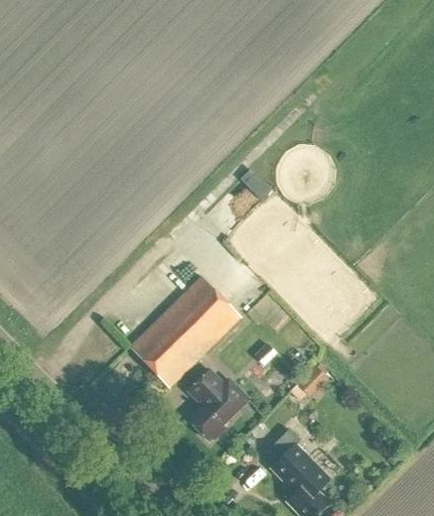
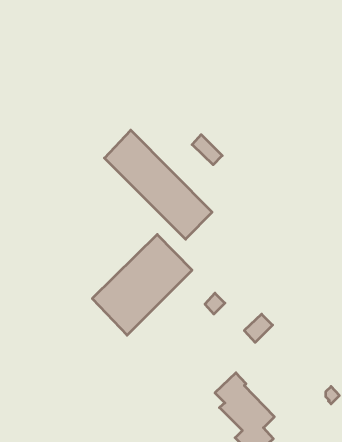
building: none -> [104,130,212,239]
building: [188,370,247,439] -> none

